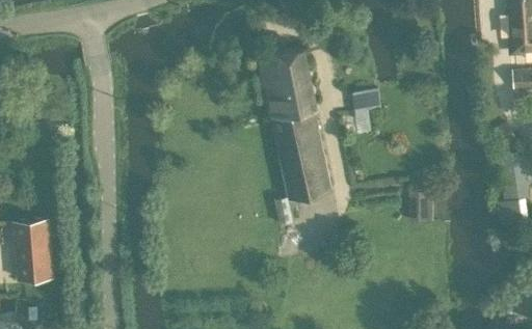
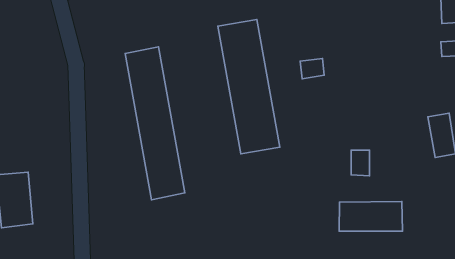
building: none -> [125,47,185,200]
building: none -> [339,202,403,231]

